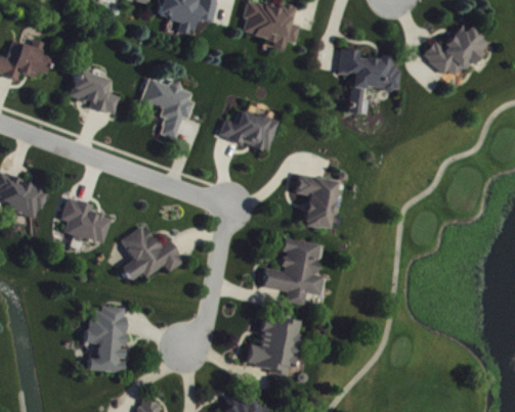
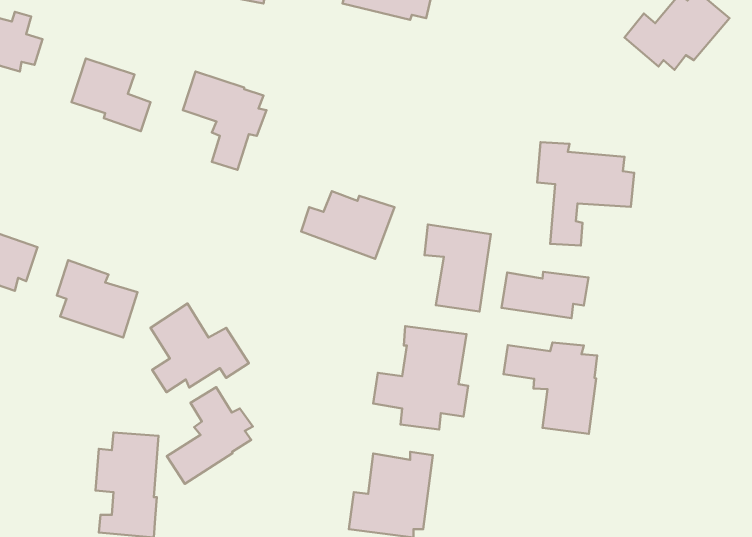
building: [339,48,400,113] -> [537,142,634,245]
building: [220,109,280,152] -> [301,191,395,259]
building: none -> [501,272,588,318]
building: none -> [503,342,597,434]
building: none -> [167,387,253,484]

